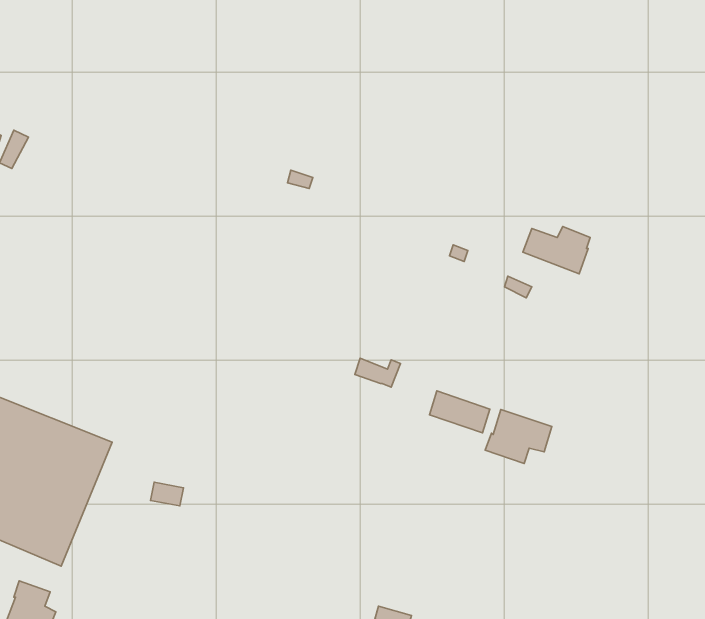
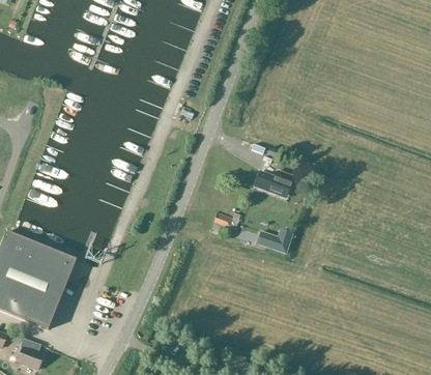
building: [523,227,590,274] -> [254,169,292,196]
building: [485,410,552,464] -> none

